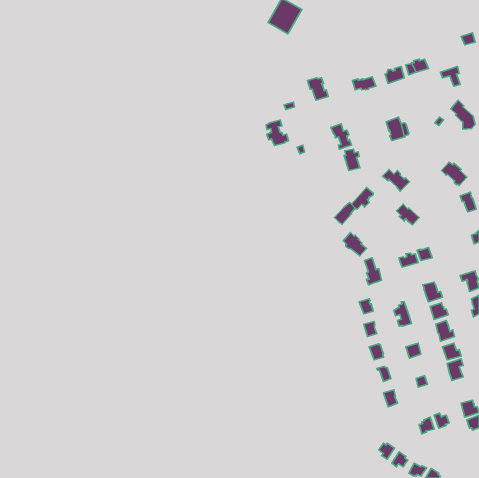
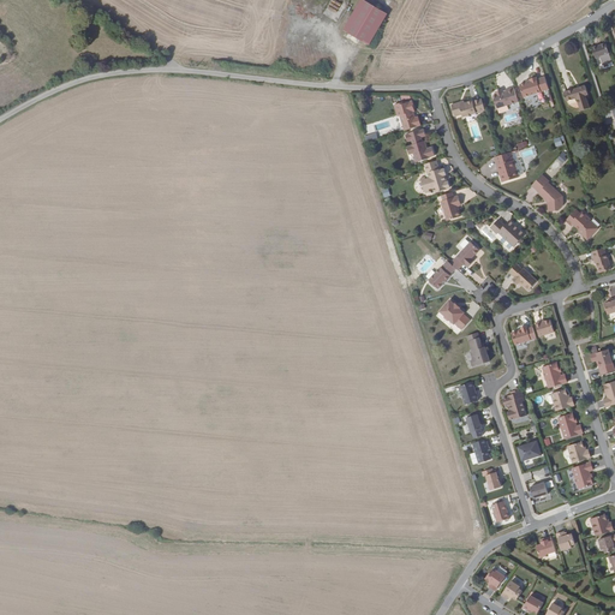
building: [451,100,475,129] -> [532,173,563,210]
building: [266,120,289,146] -> [406,127,435,160]

